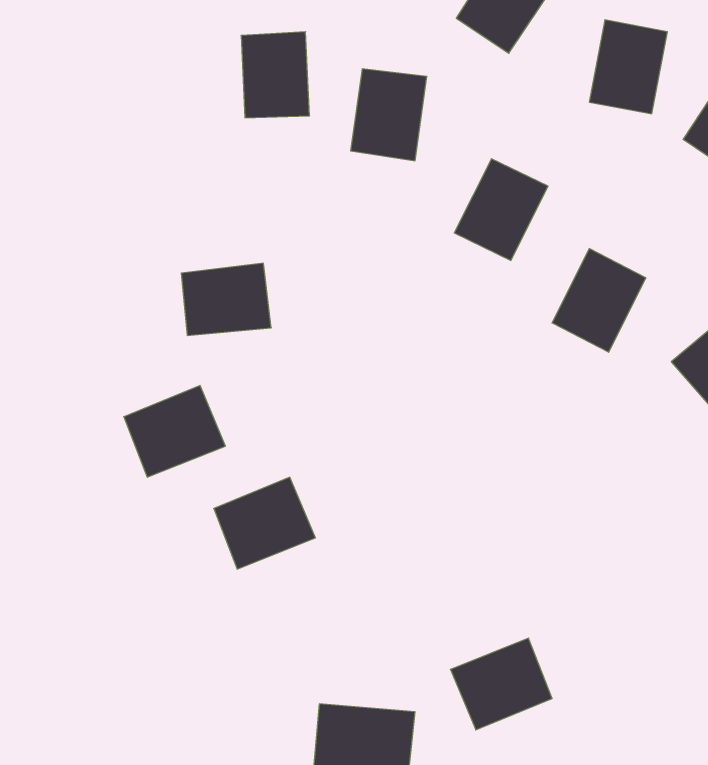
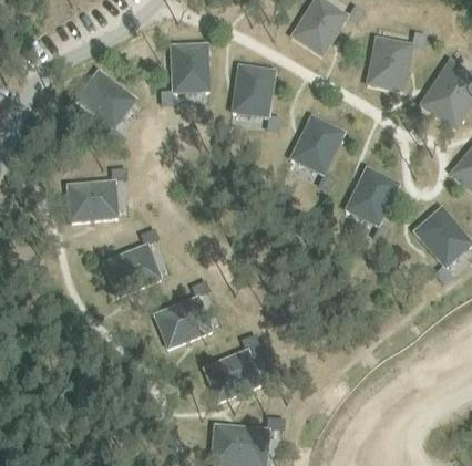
building: none -> [75,72,135,130]
building: [181,263,271,336] -> [66,179,117,220]
building: [450,638,552,730] -> [203,349,260,401]

